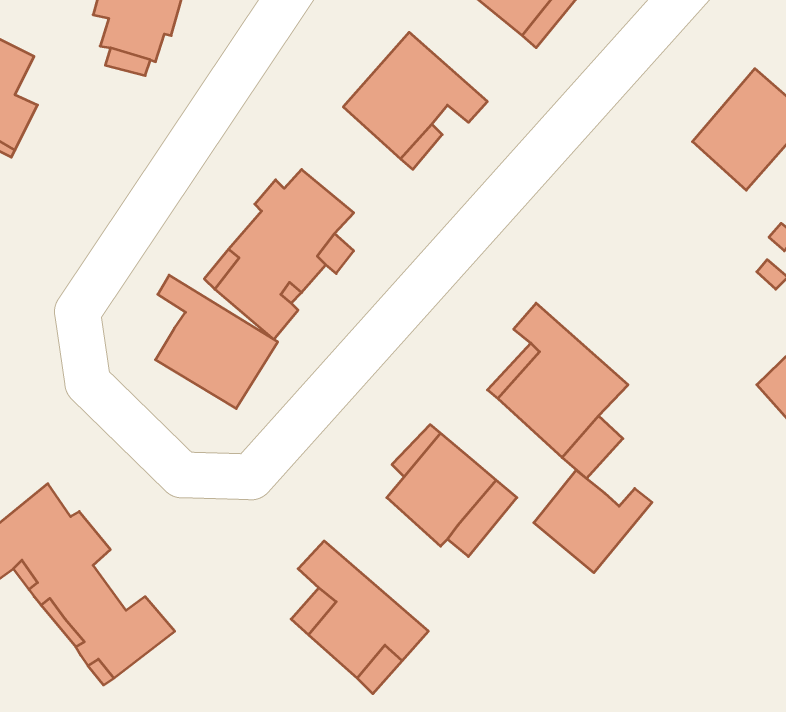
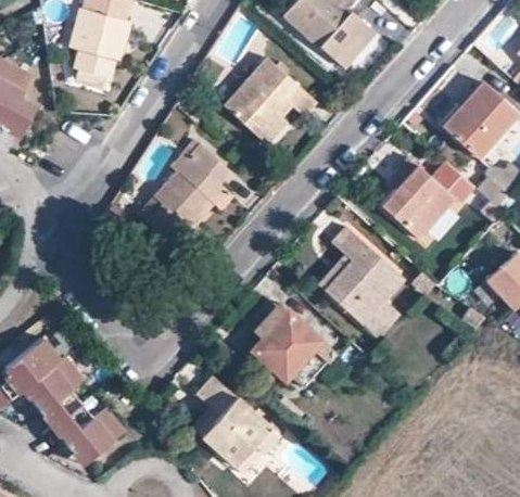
building: none -> [382,155,474,237]
building: [155,275,278,409] -> none
building: [534,470,652,573] -> none

